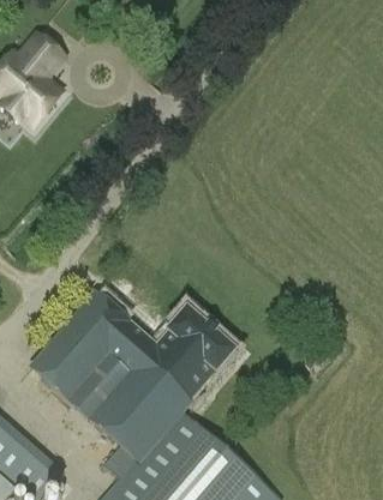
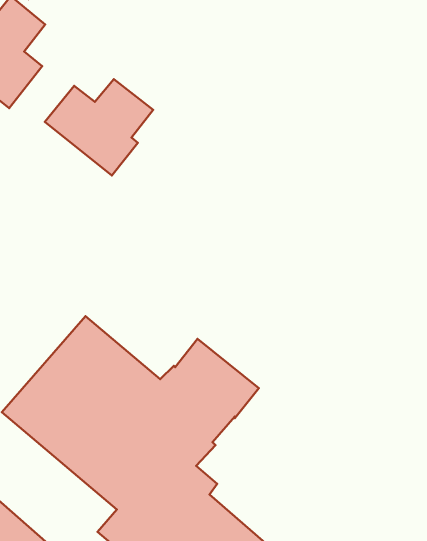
building: none -> [45,79,153,175]

